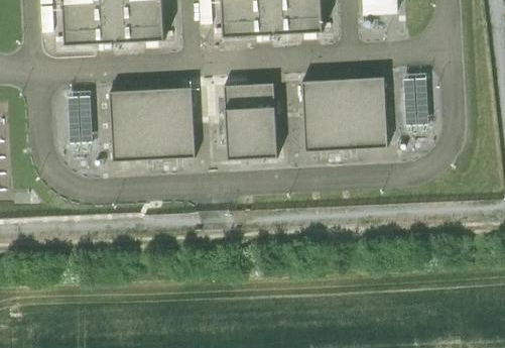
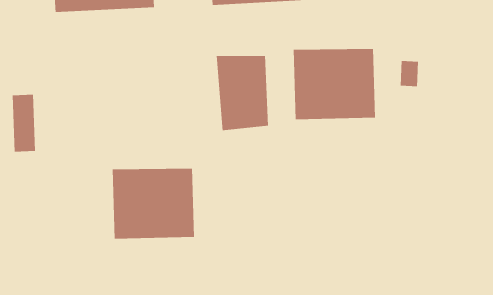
building: [110,86,194,157] -> [112,168,195,239]
building: [68,90,92,148] -> [12,94,36,152]

